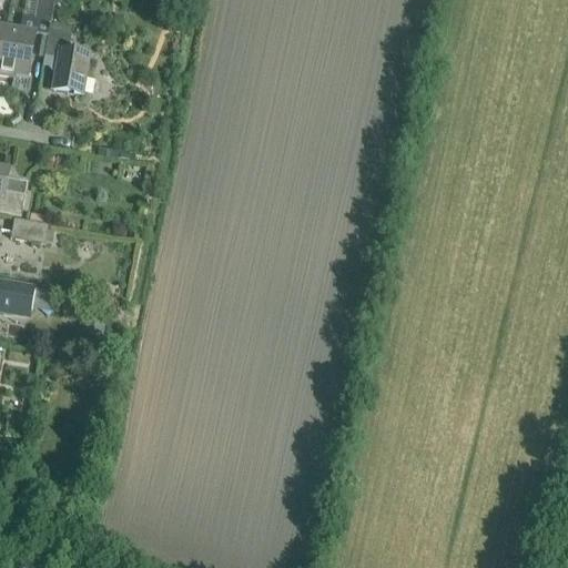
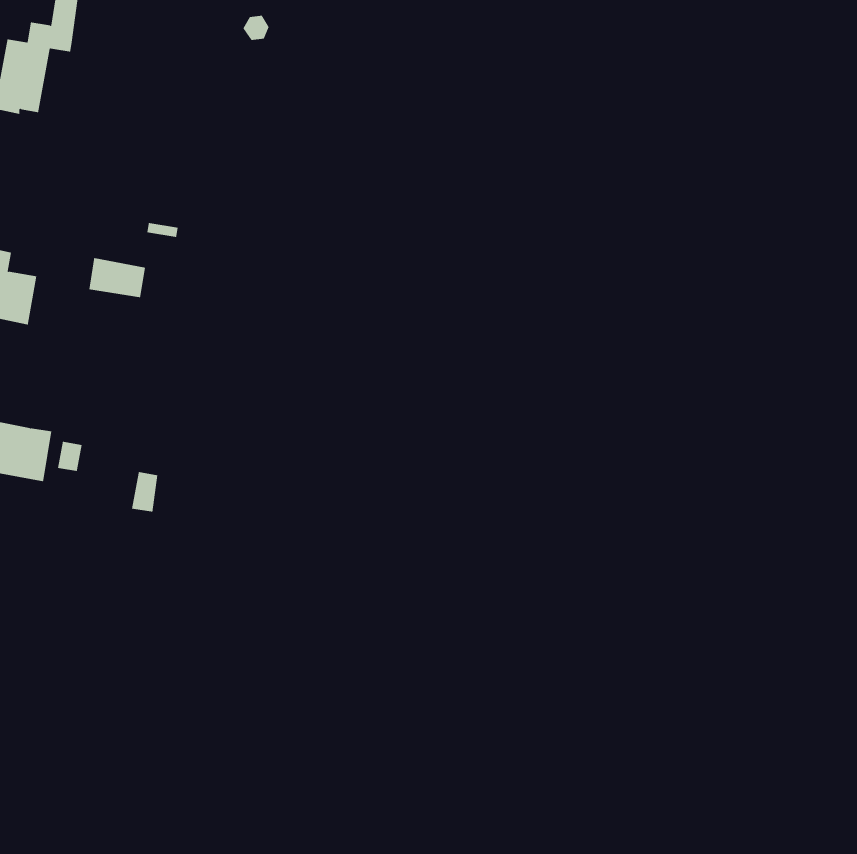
building: [42,28,88,92] -> none
building: [9,216,47,243] -> [89,257,146,298]

